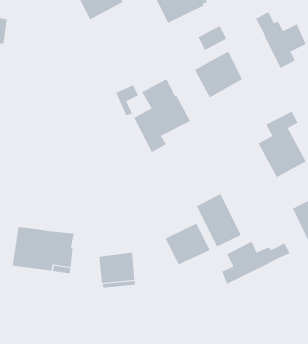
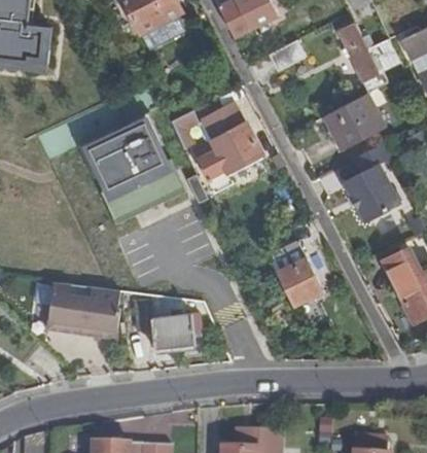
building: [194,51,243,98] -> [324,93,383,149]
building: none -> [78,111,185,223]
building: [165,223,211,265] -> none
building: [222,241,290,285] -> none

